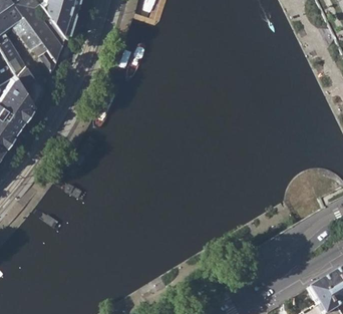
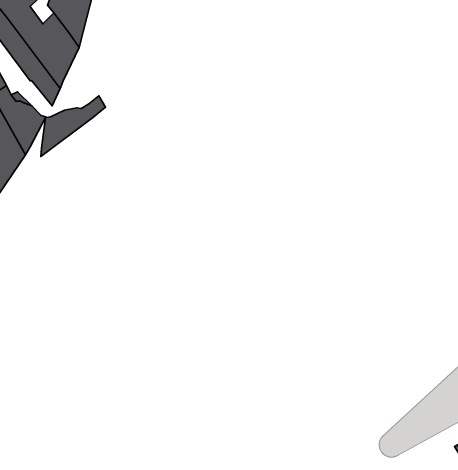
building: none -> [41,96,105,156]

